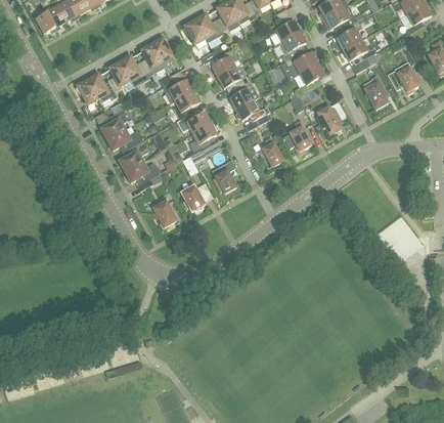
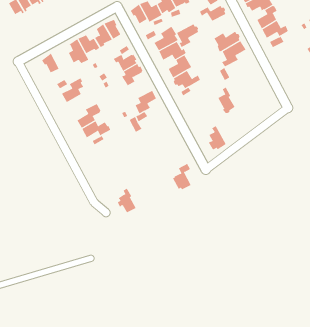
building: [277,31,305,60] -> [176,23,199,48]
building: [364,73,387,108] -> none
building: [87,74,117,101] -> none
building: [317,101,345,133] -> none
building: [176,112,210,132] -> none
building: [105,128,142,149] -> none
building: [260,136,282,167] -> [208,126,226,151]
building: [212,159,235,192] -> [172,163,192,190]
building: [180,184,205,211] -> none
building: [151,195,175,225] -> [117,188,136,213]

